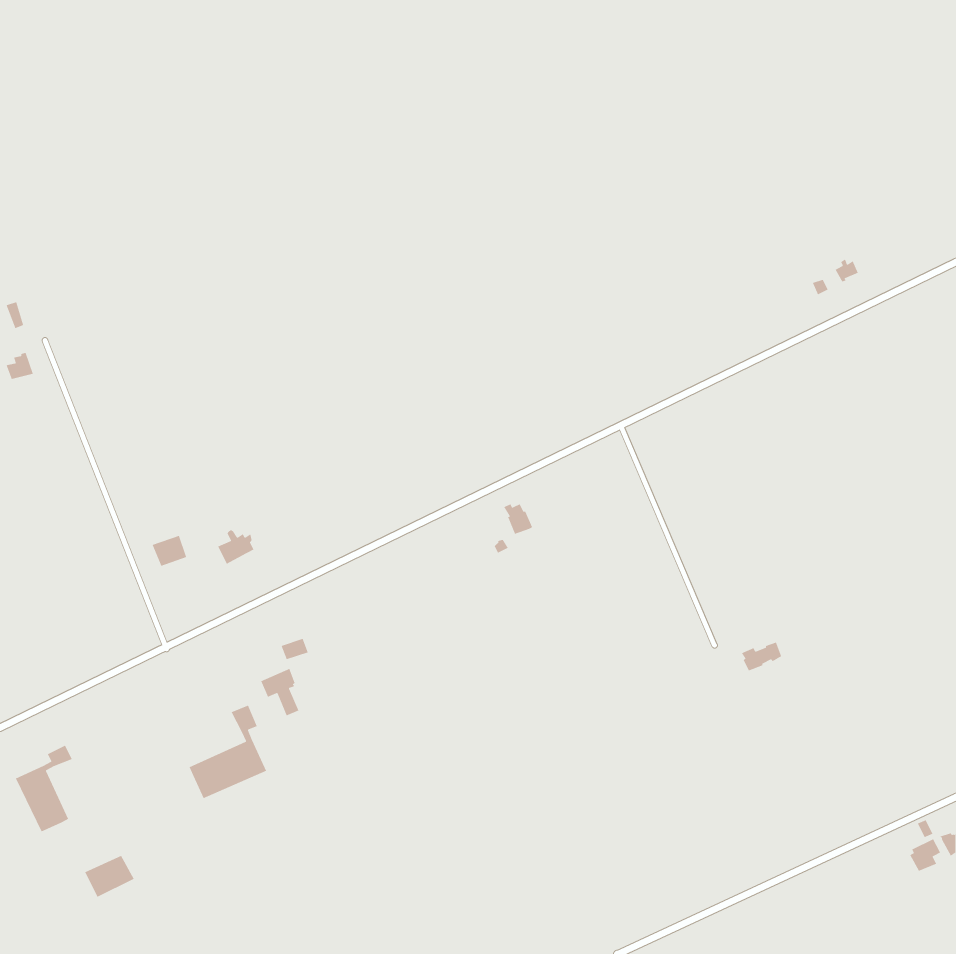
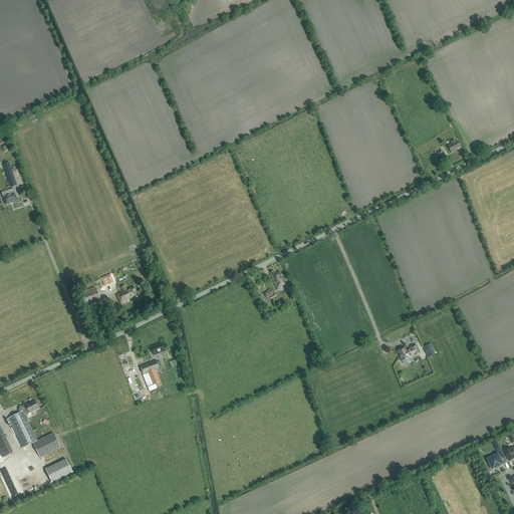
building: [189,704,267,799] -> none
building: none -> [33,432,60,457]

